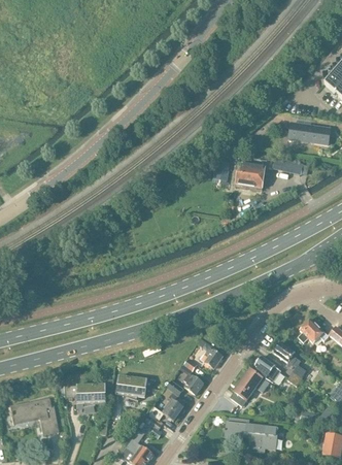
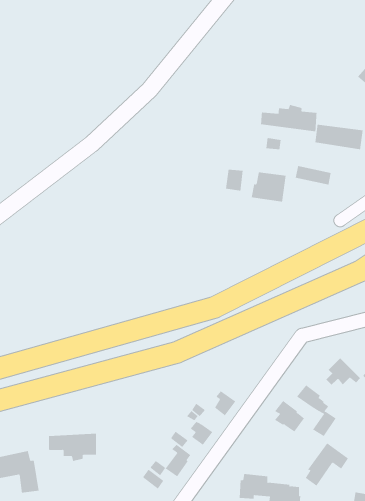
building: none -> [261,104,317,132]
building: [231,369,268,406] -> [305,443,349,487]
building: [114,375,151,400] -> none

